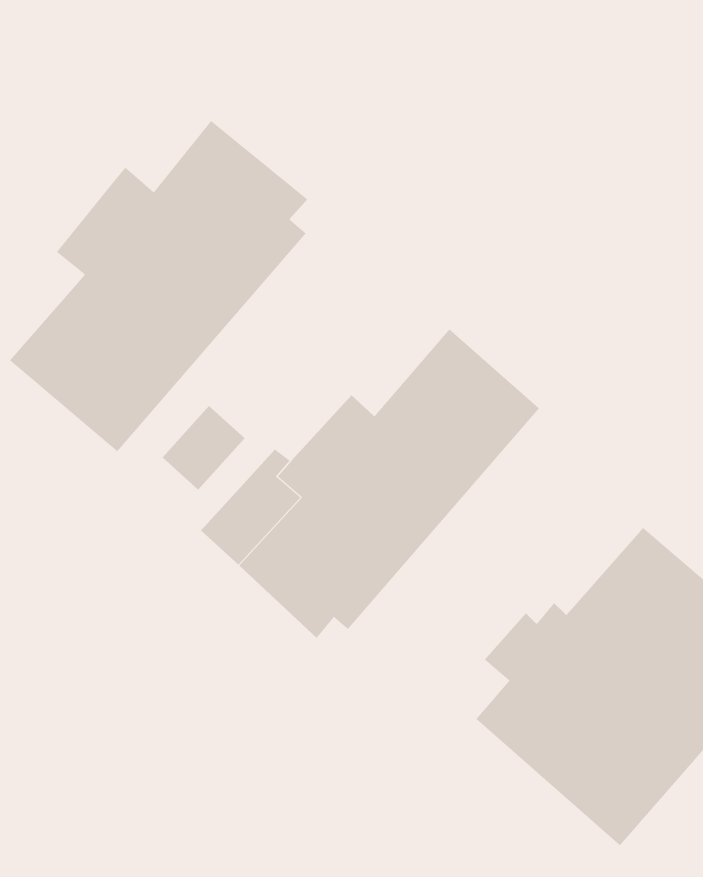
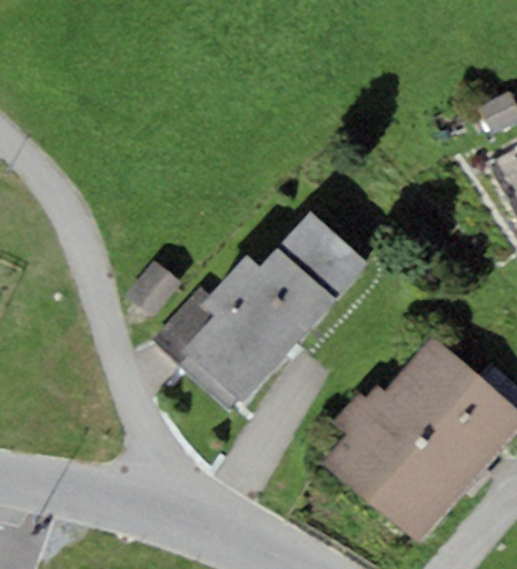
building: [9,120,308,452] -> none

